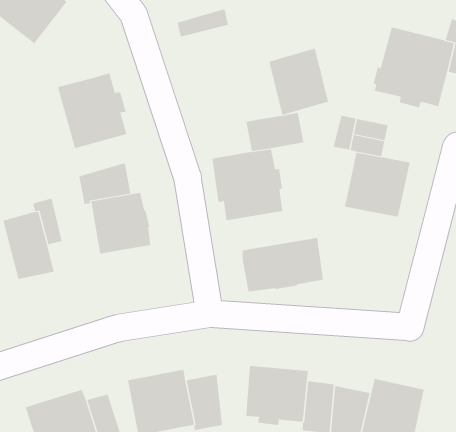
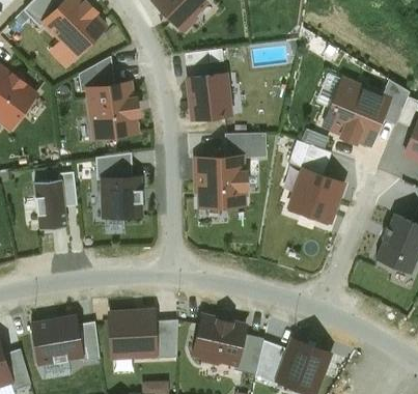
building: none -> [79,56,116,92]
building: [269,48,329,115] -> [189,74,229,120]
building: [242,237,323,293] -> none

